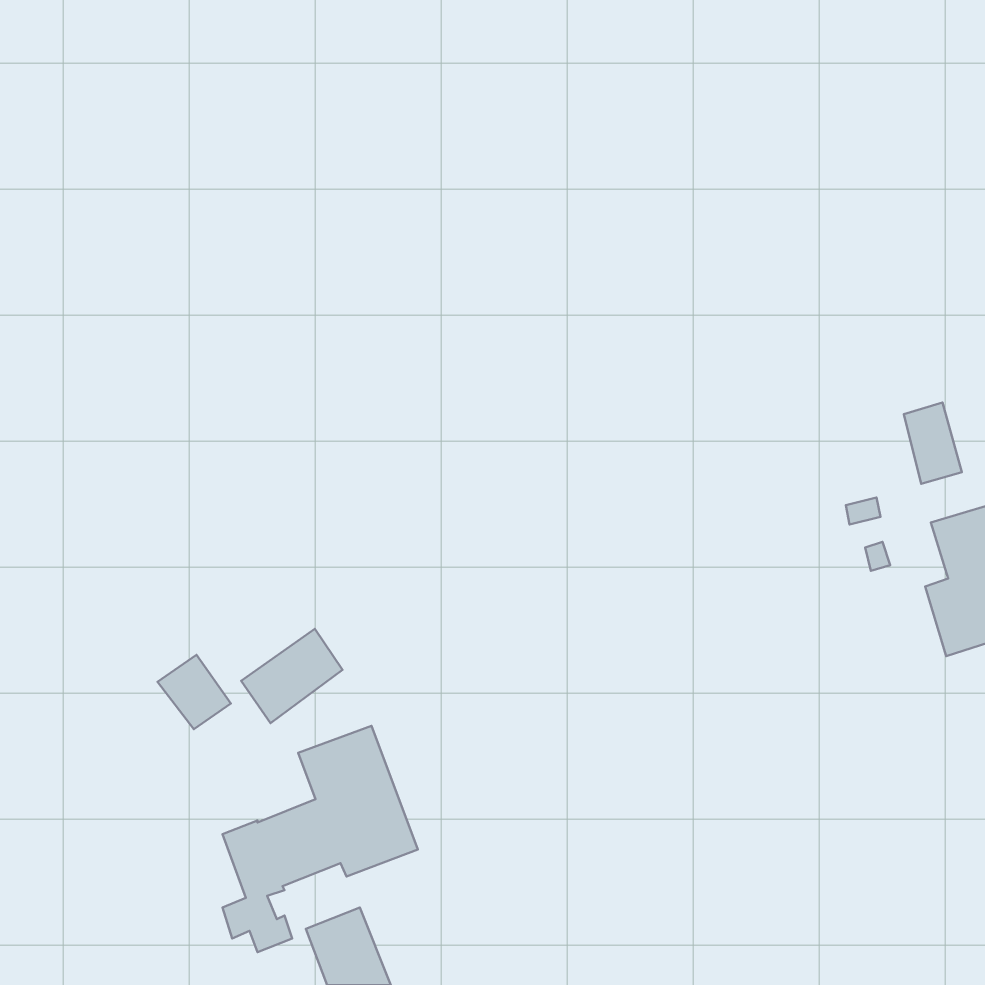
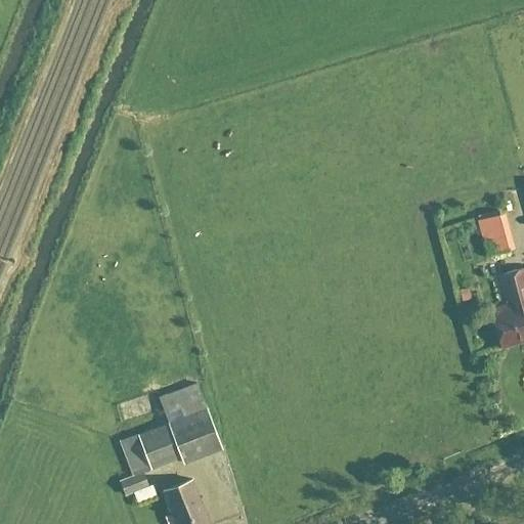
building: [241,629,342,723] -> none
building: [158,655,231,729] -> none

